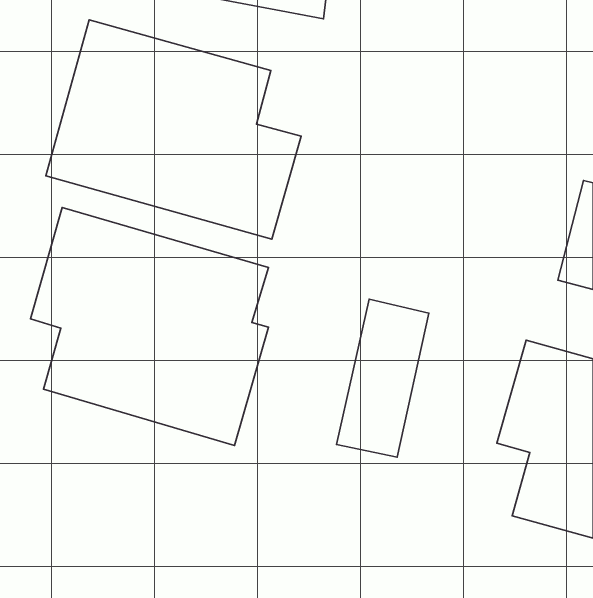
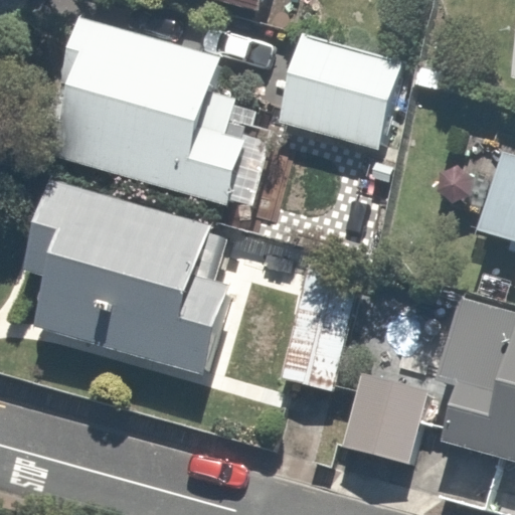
building: none -> [283,41,408,147]
building: none -> [342,370,431,470]

